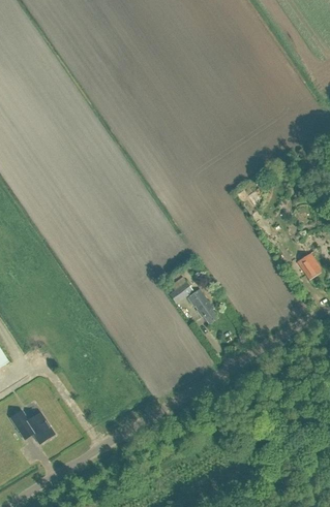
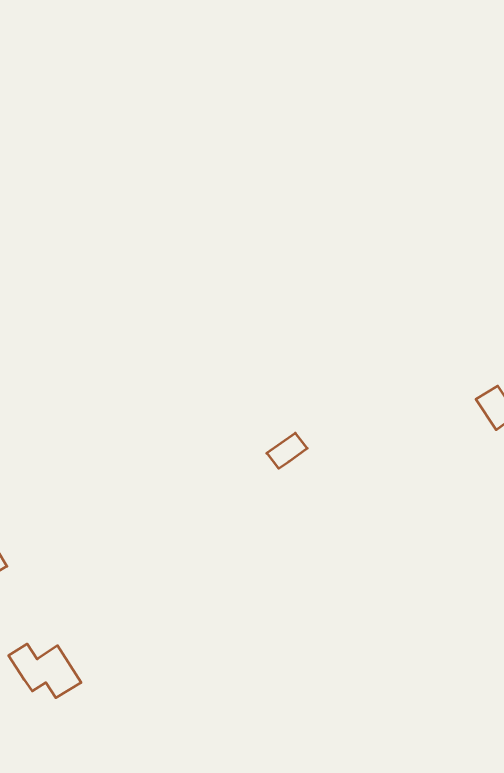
building: [186,288,216,322] -> none

